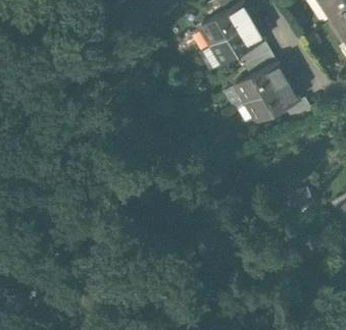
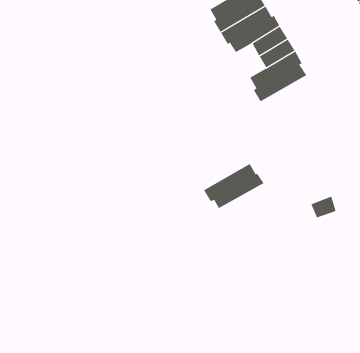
building: [246,80,299,120] -> [203,163,264,209]

